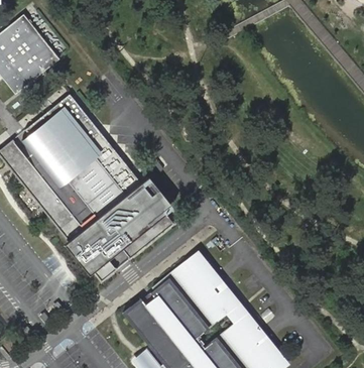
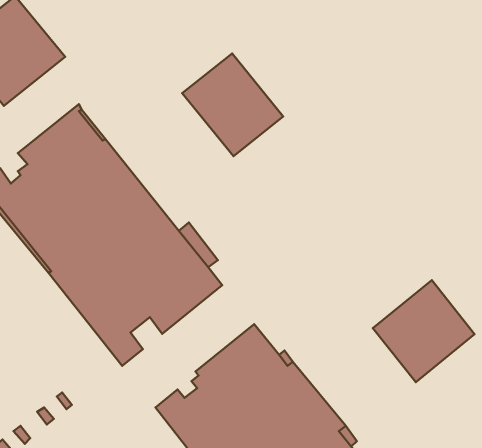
building: none -> [182,54,283,156]
building: none -> [373,280,475,382]

